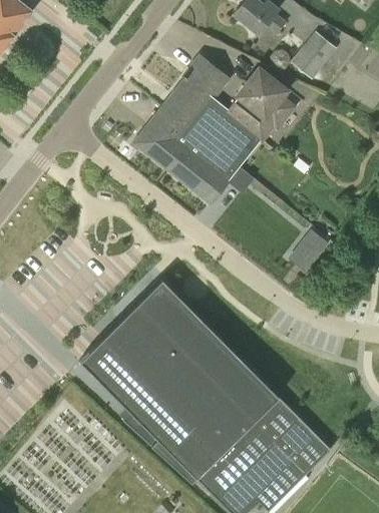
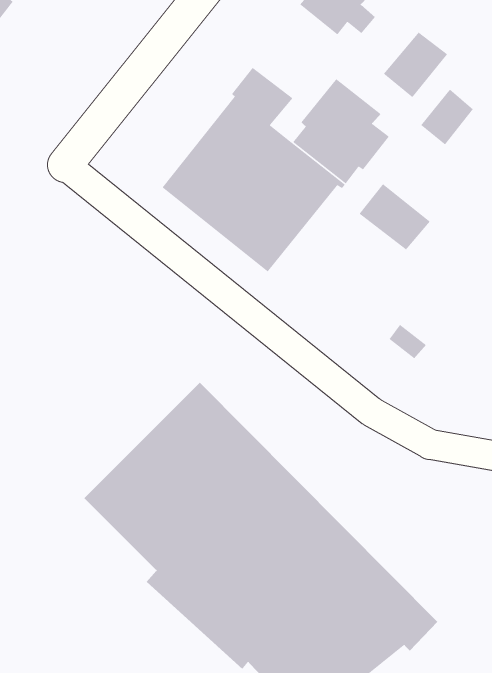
building: none -> [420,89,474,146]
building: none -> [359,183,431,251]

